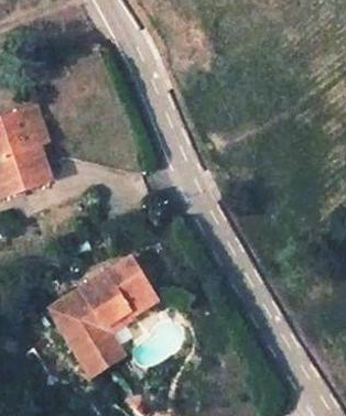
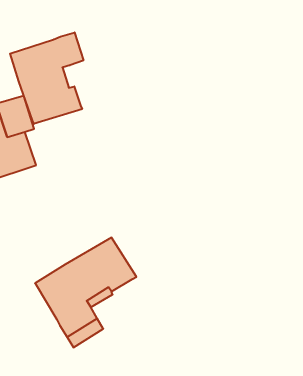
building: none -> [10,32,83,124]

